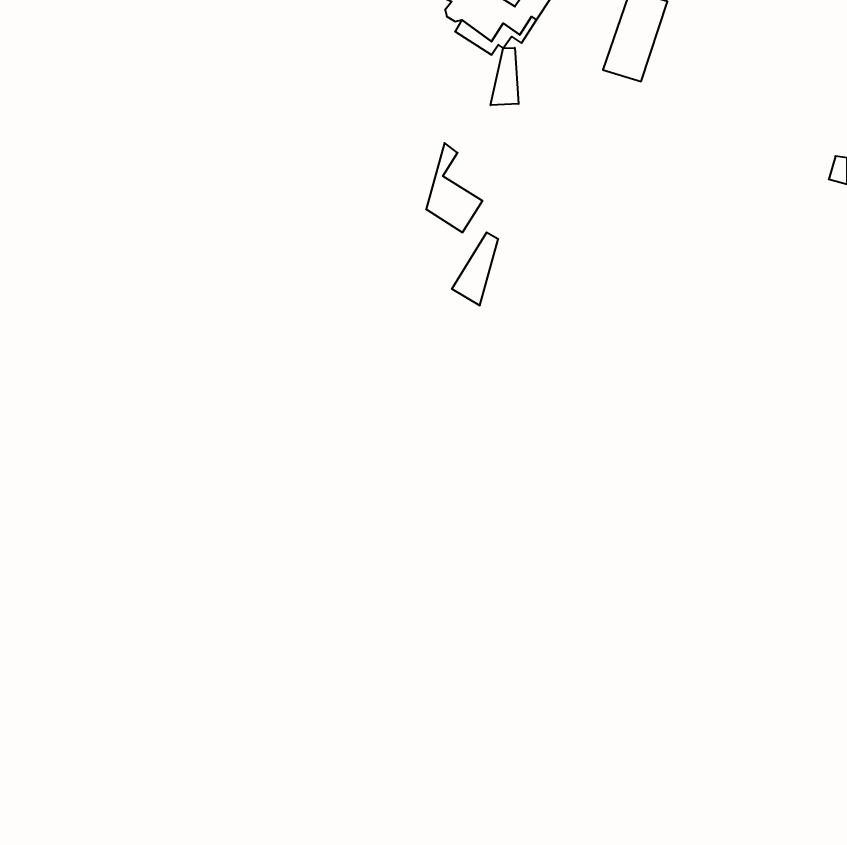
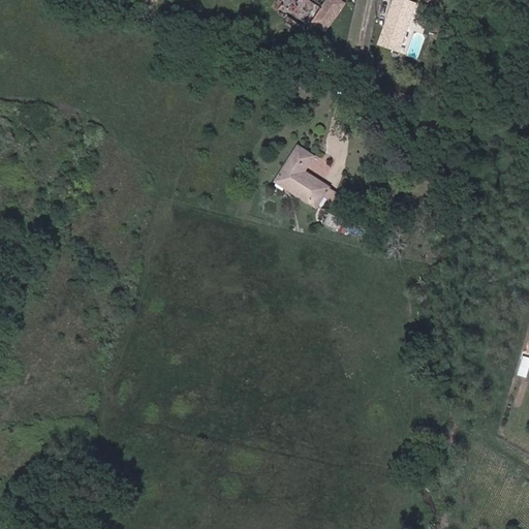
building: [491,48,519,105] -> none
building: [426,143,483,232] -> [299,149,334,205]

